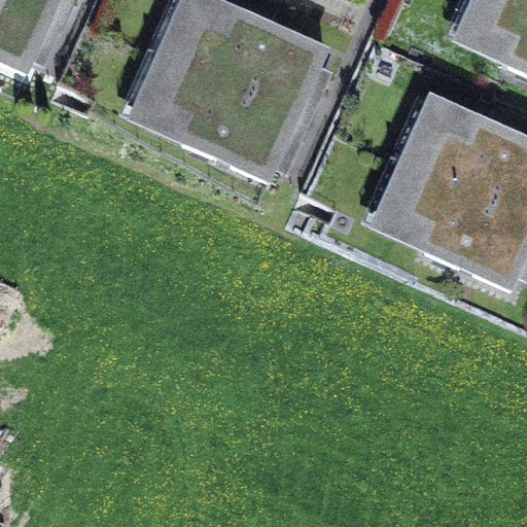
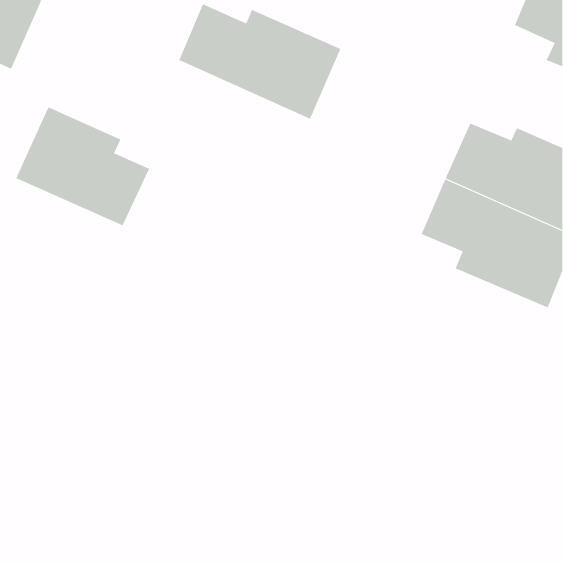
building: [140,55,281,171] -> none
building: none -> [15,106,150,226]

